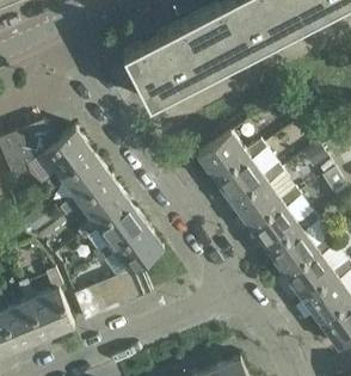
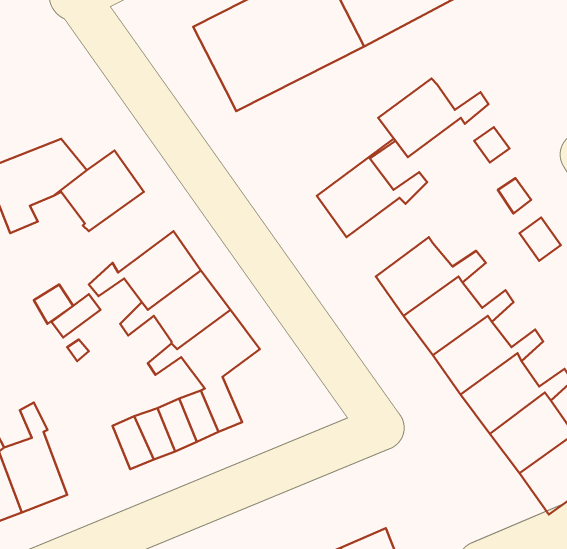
building: [43,154,111,203] -> none
building: [216,158,283,205] -> [378,78,488,157]
building: [32,271,74,338] -> none

